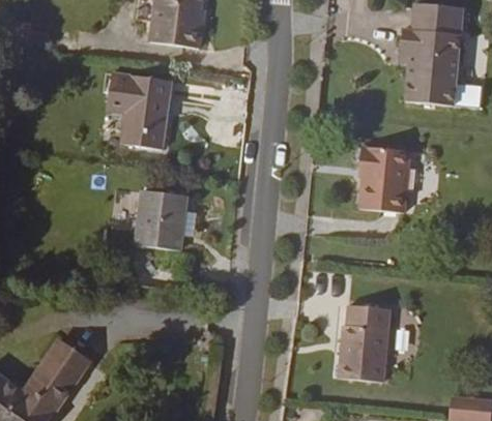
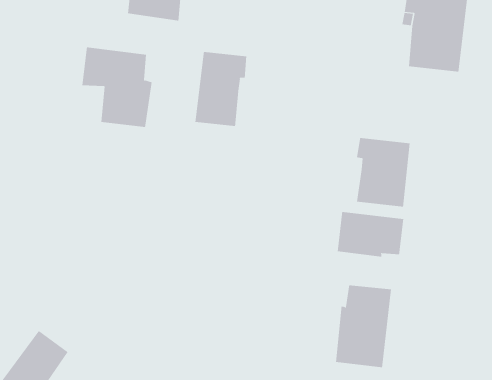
building: none -> [195,51,247,127]
building: [133,192,180,248] -> none
building: none -> [337,211,404,258]

